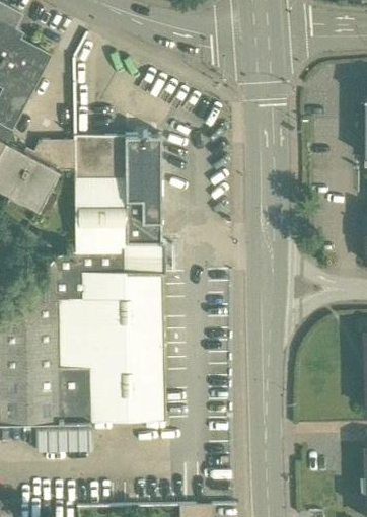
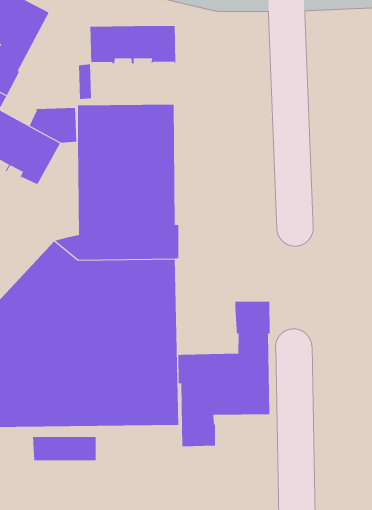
building: none -> [90,25,176,64]
building: none -> [178,301,270,447]

